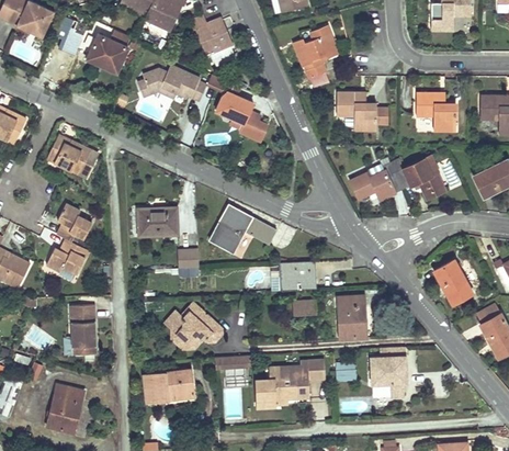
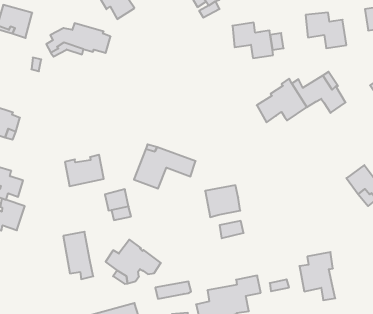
building: [206,74,268,142] -> none
building: [337,296,365,340] -> none
building: [70,305,95,354] -> [63,232,93,279]

